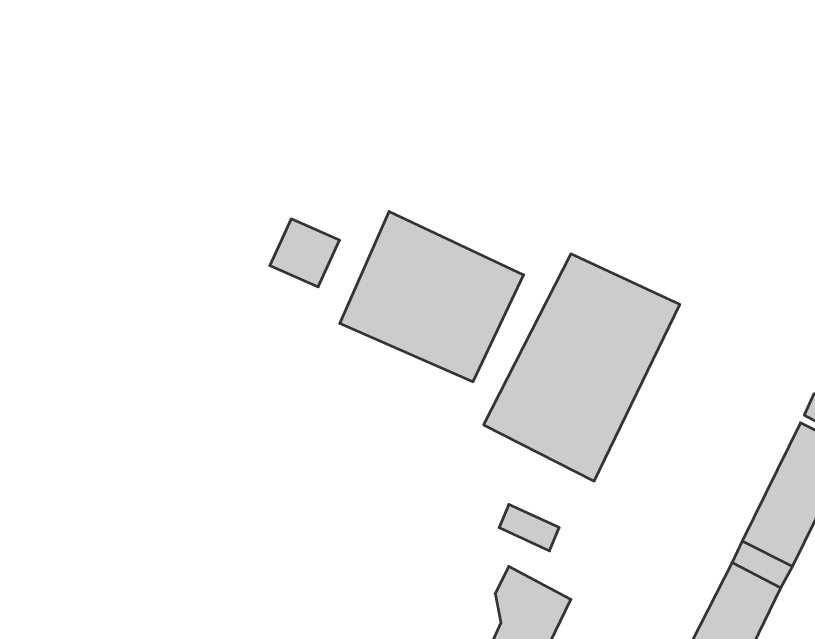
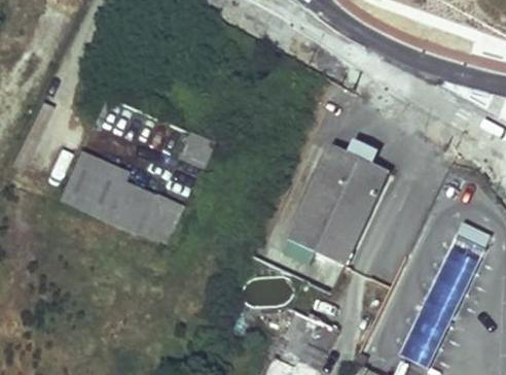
building: [340,211,524,382] -> none
building: none -> [58,149,181,243]

